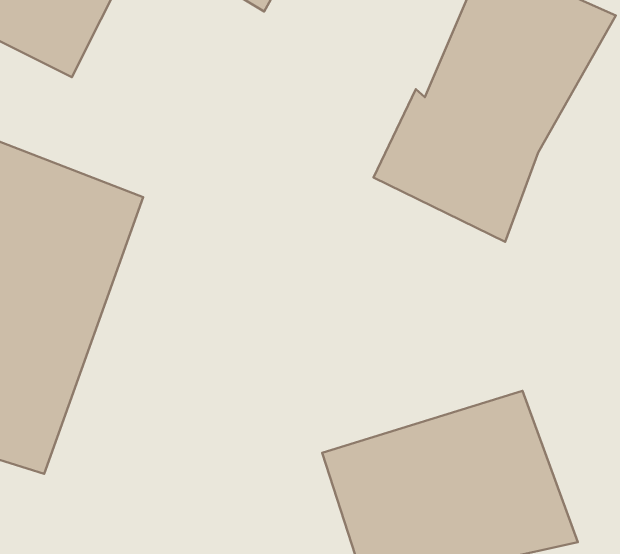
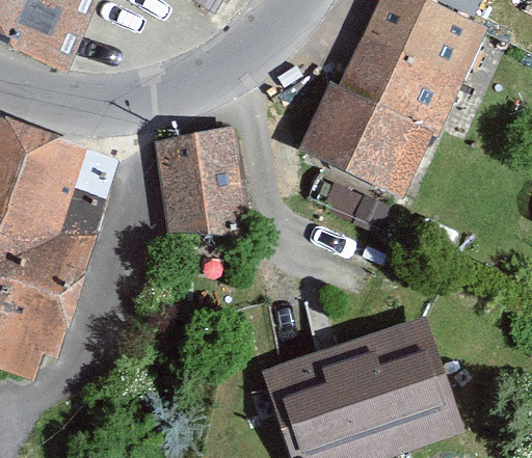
building: none -> [158,129,245,243]

